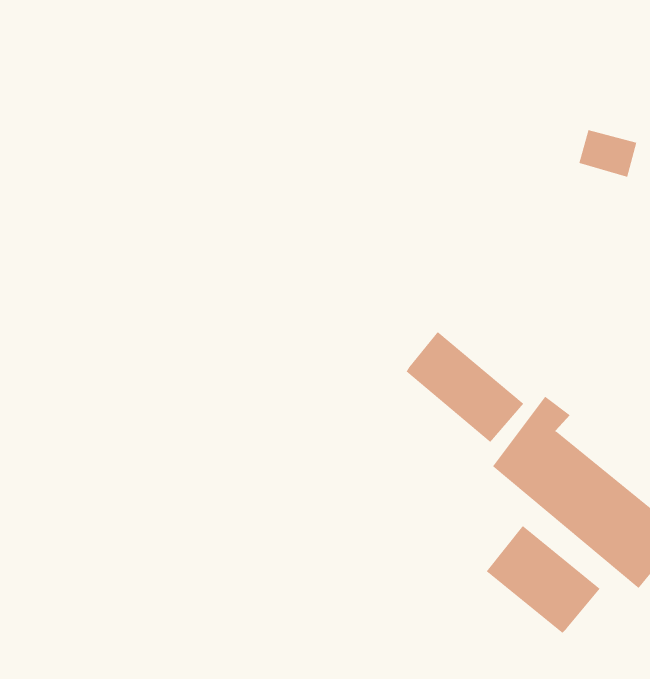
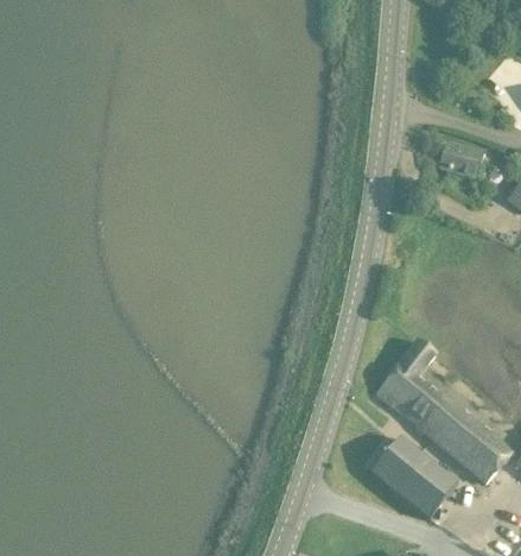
building: [406,331,524,443] -> none

